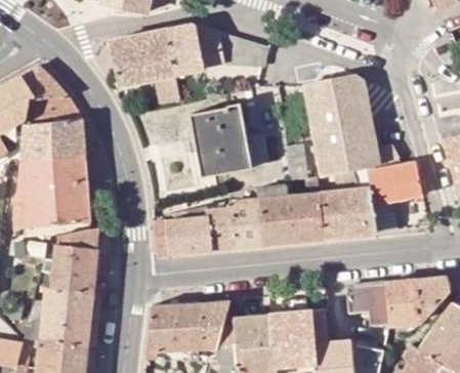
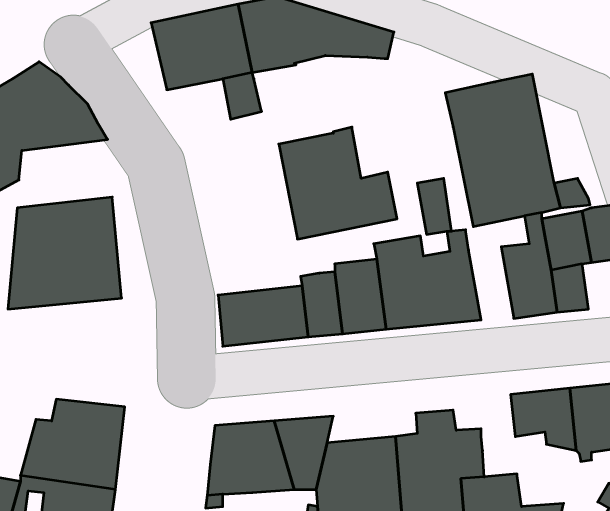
building: [22,118,84,163] -> none
building: [319,189,348,237] -> none
building: [38,229,98,294] -> none

